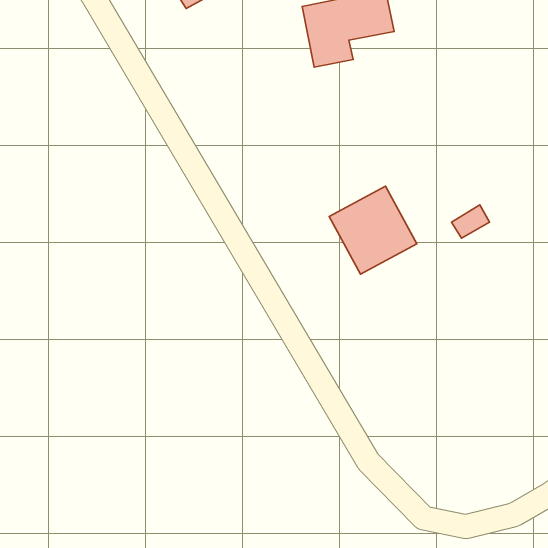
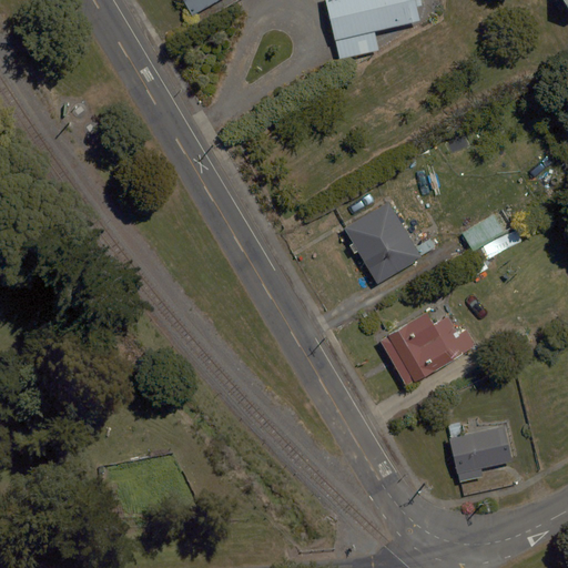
building: none -> [377,302,466,386]
building: none -> [455,428,514,475]

